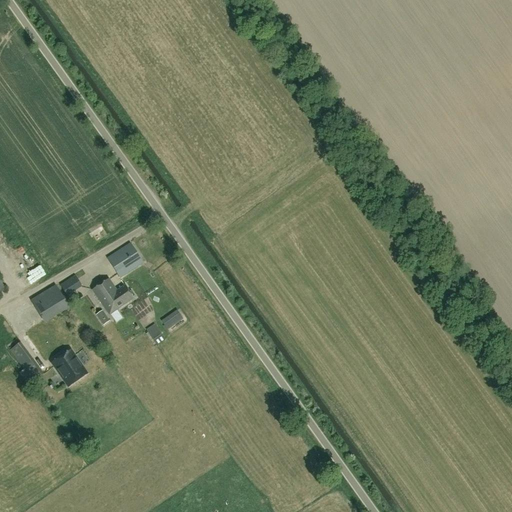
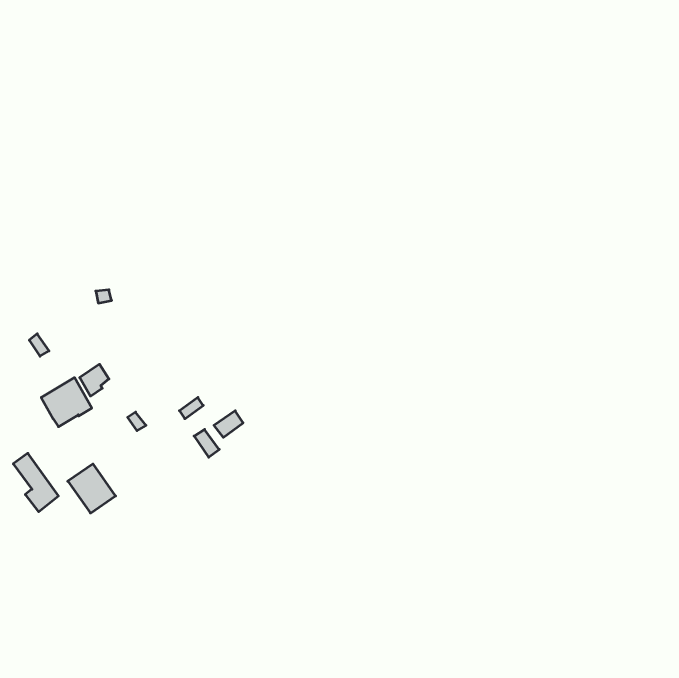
building: [108,242,143,277] -> none
building: [92,278,134,314] -> none

